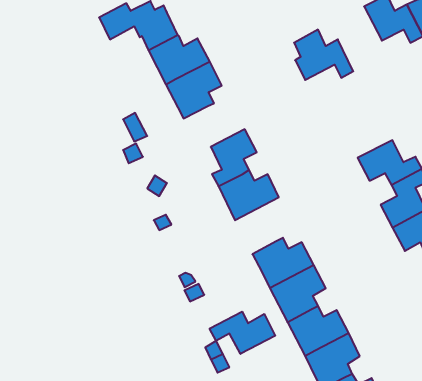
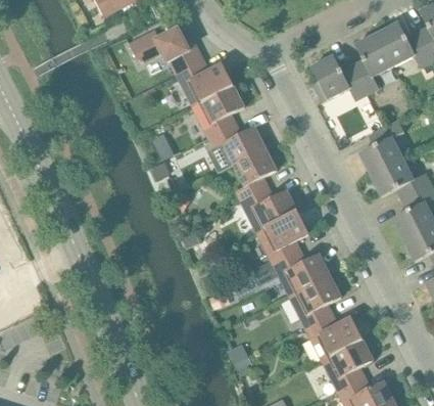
building: none -> [352,33,393,93]
building: none -> [359,120,404,174]
building: none -> [208,123,266,164]
building: none -> [256,211,308,264]
building: [210,312,275,354] -> none

